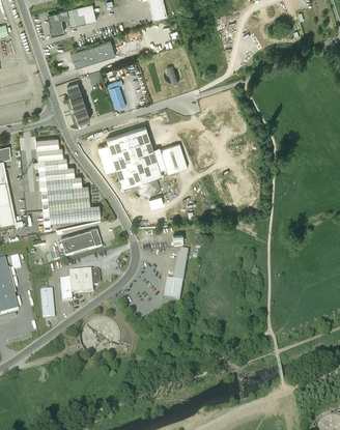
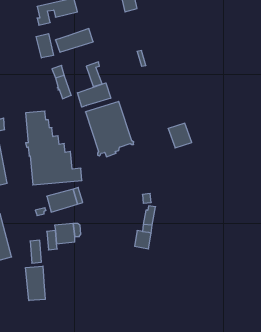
building: none -> [36,34,53,58]
building: none -> [77,83,111,107]
building: [160,145,188,174] -> [168,123,192,148]
building: none -> [26,266,45,301]

